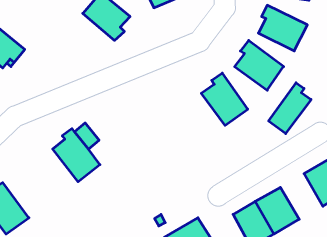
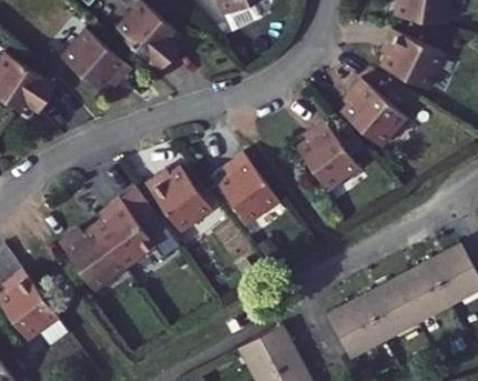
building: none -> [58,34,126,98]
building: [269,83,311,134] -> none
building: none -> [207,148,275,221]
building: none -> [140,163,210,229]
building: none -> [55,225,124,293]
building: none -> [399,259,457,321]

